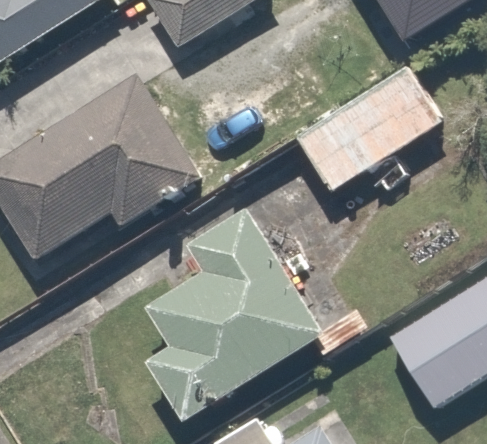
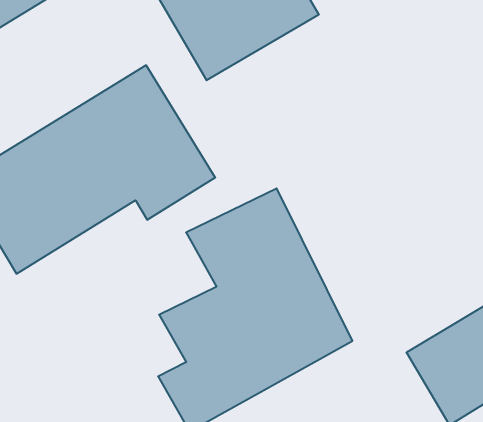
building: [290,76,434,196] -> none

